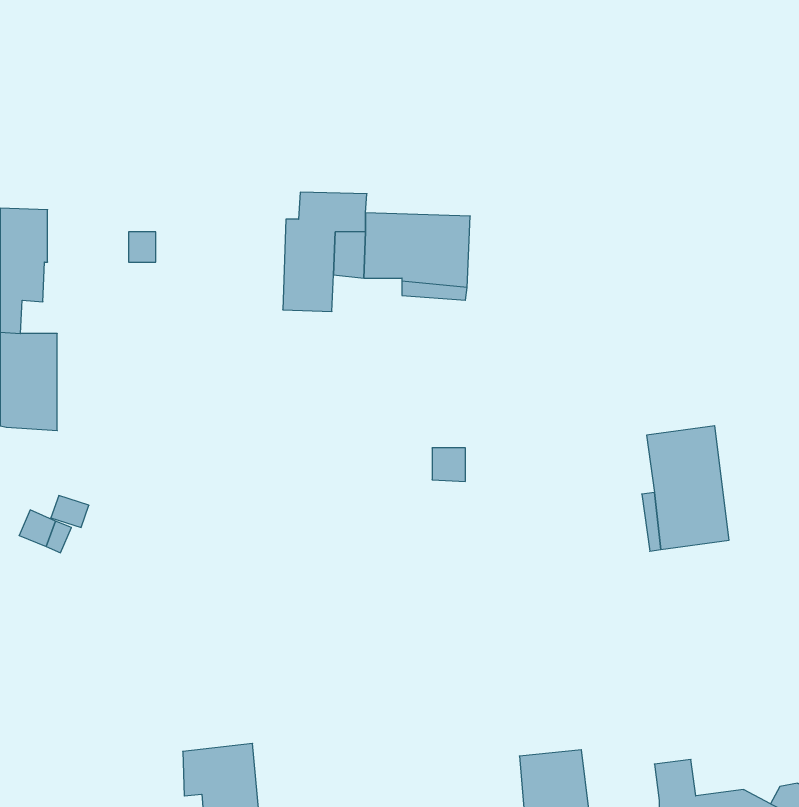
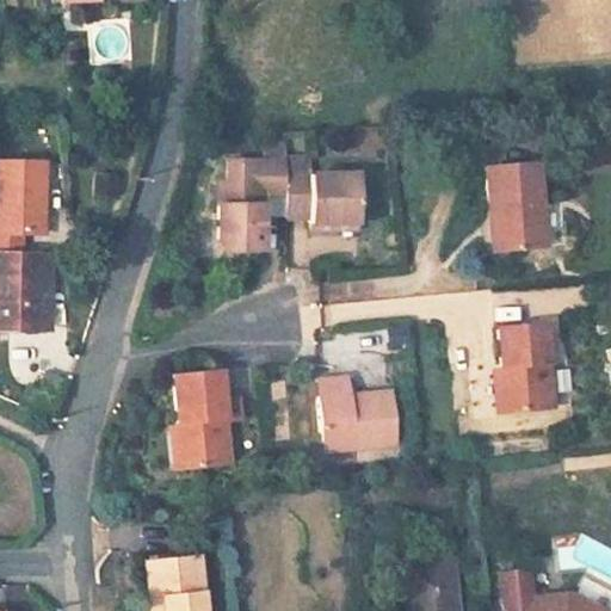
building: none -> [486,161,548,253]
building: none -> [316,374,405,450]
building: none -> [179,377,235,474]

